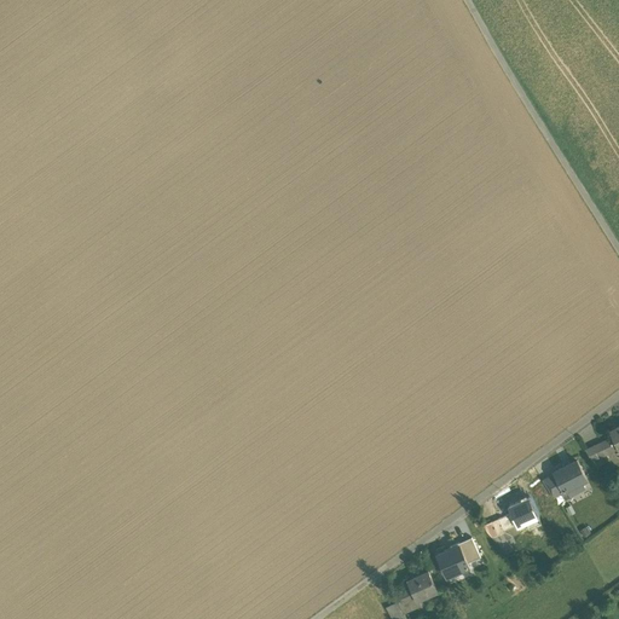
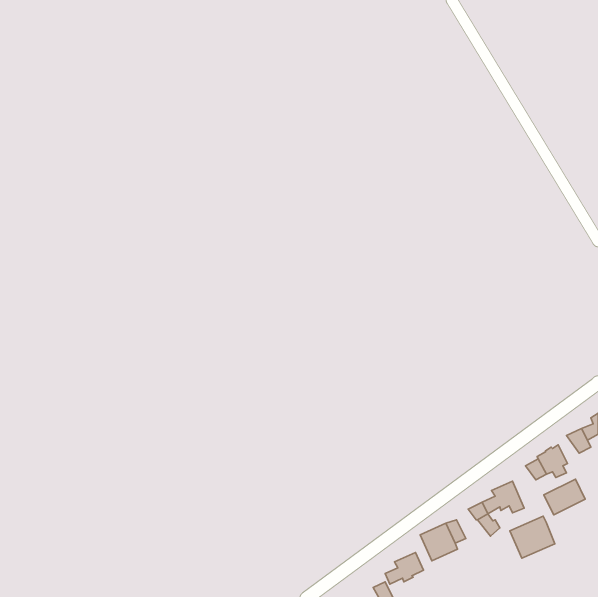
building: none -> [544,479,585,515]
building: none -> [510,516,555,558]

